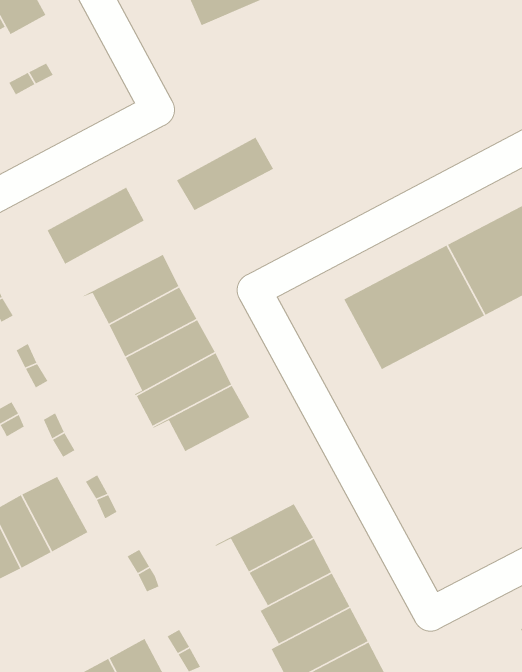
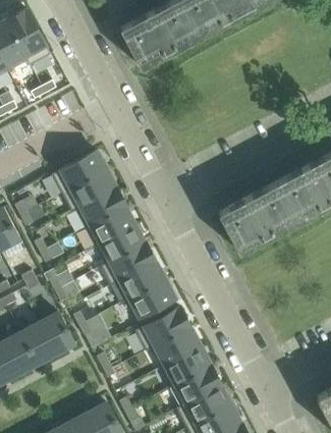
building: [176,136,274,211] -> [62,168,117,210]
building: none -> [129,278,176,317]
building: none -> [135,306,190,349]

